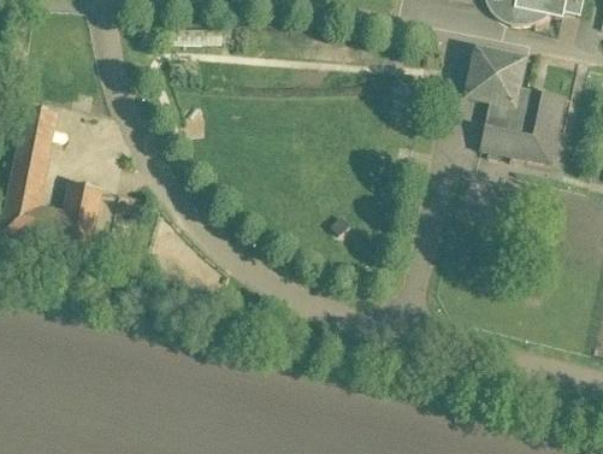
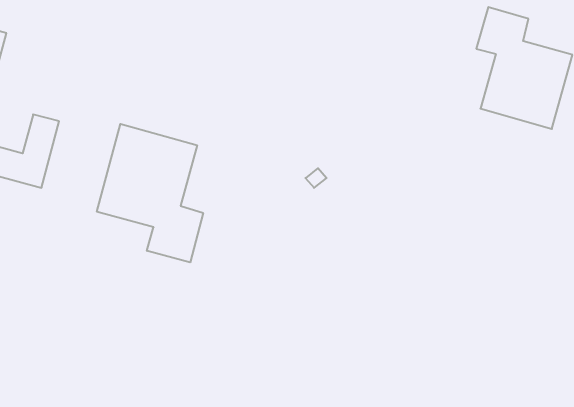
building: none -> [97,124,203,262]

